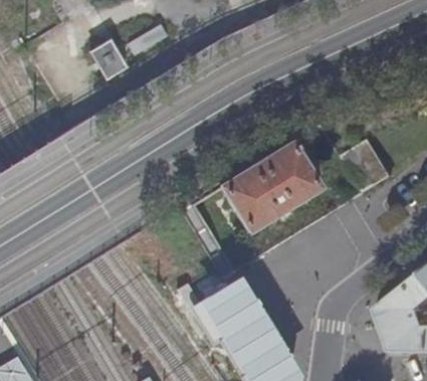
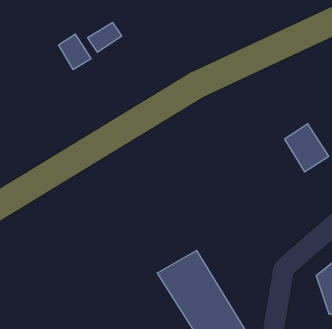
building: [220,141,321,232] -> none

